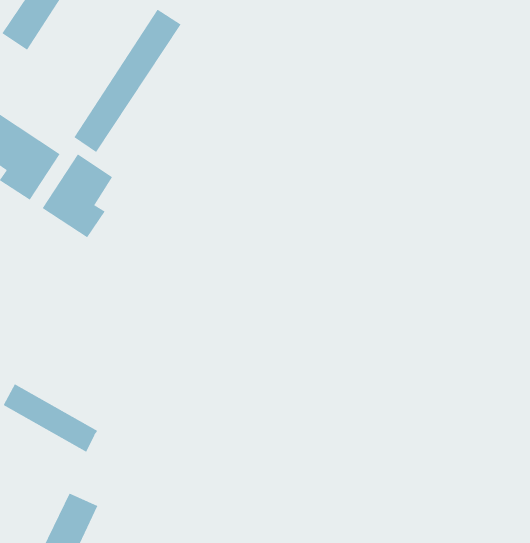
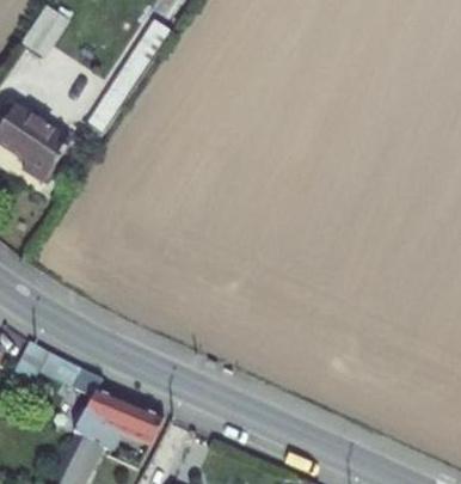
building: [42,153,113,238] -> none
building: none -> [72,382,155,445]

